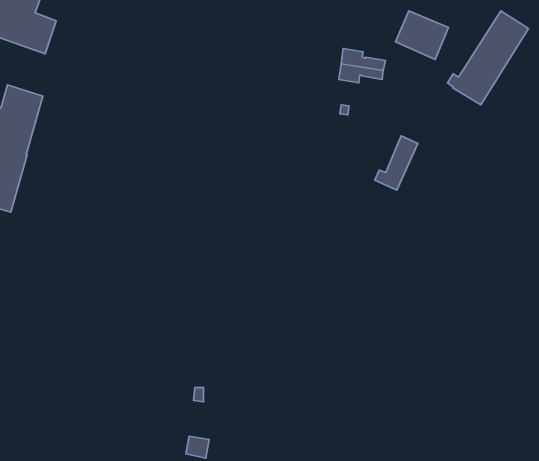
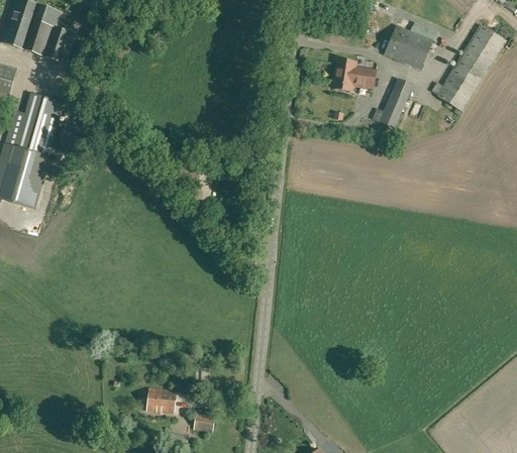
building: [375,136,418,190] -> [373,79,412,128]
building: none -> [145,387,175,414]

